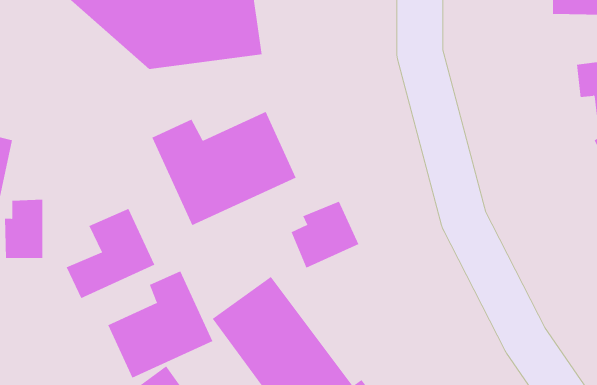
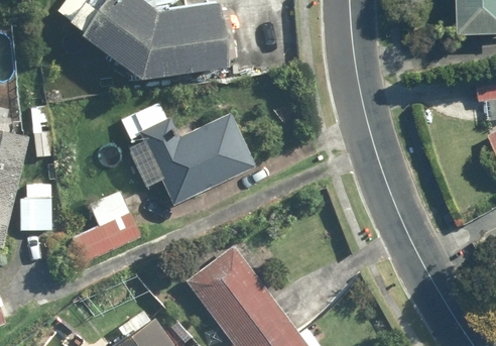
building: [291,201,359,269] -> none
building: [108,270,213,378] -> none

